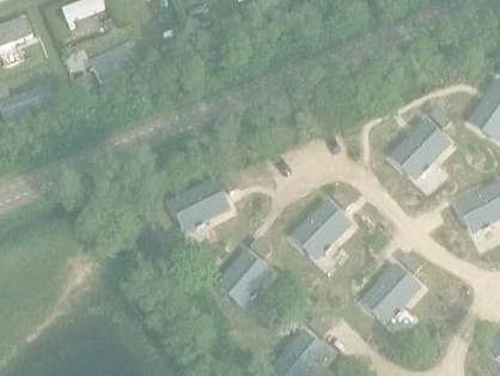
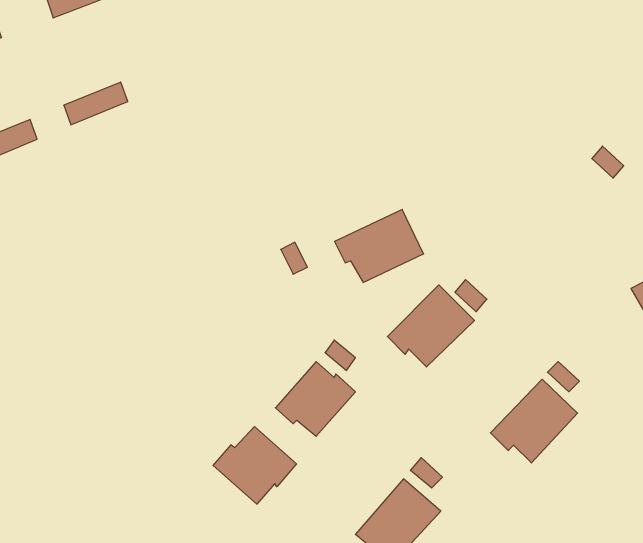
building: [391,119,450,175] -> none
building: [171,178,231,228] -> [335,209,424,282]
building: none -> [213,427,296,504]

